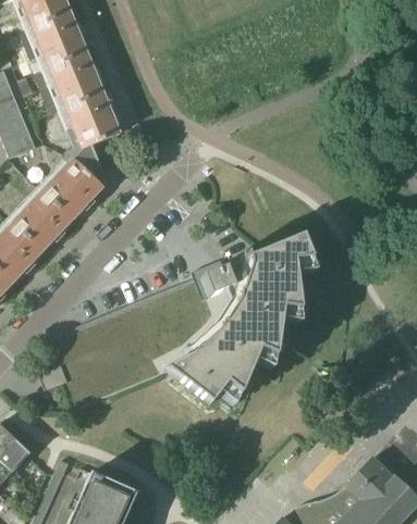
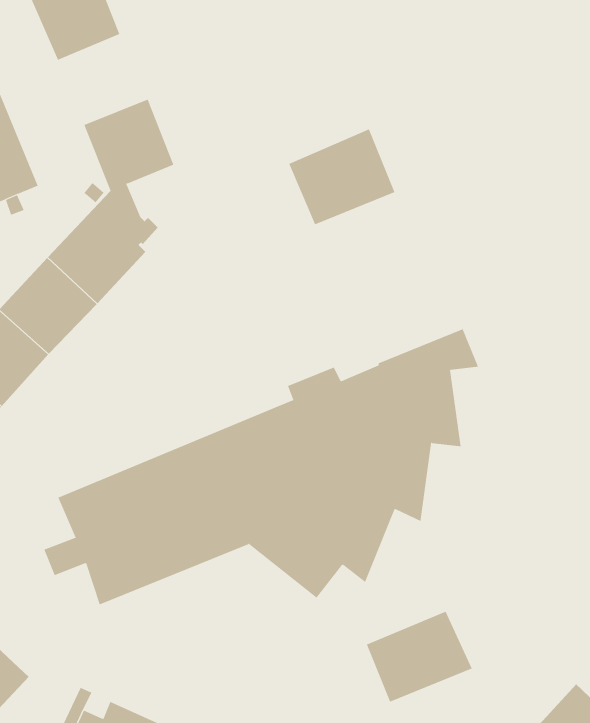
building: [47,52,103,109] -> none
building: none -> [288,128,395,225]
building: none -> [366,611,473,702]

